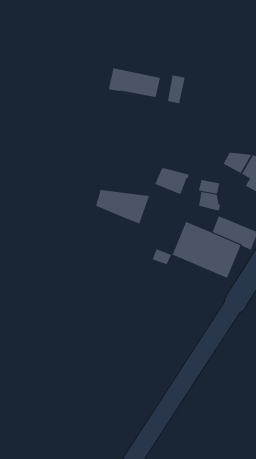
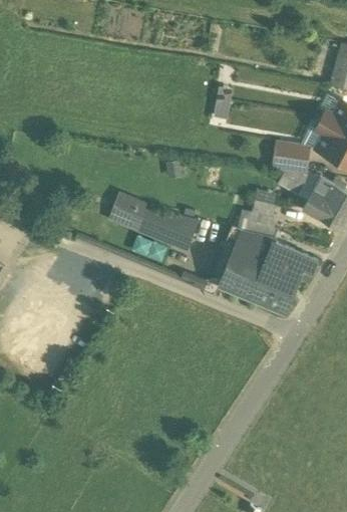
building: [108,68,160,98] -> none
building: none -> [274,142,306,173]
building: [154,168,190,195] -> [236,229,275,259]
building: none -> [107,201,141,230]

